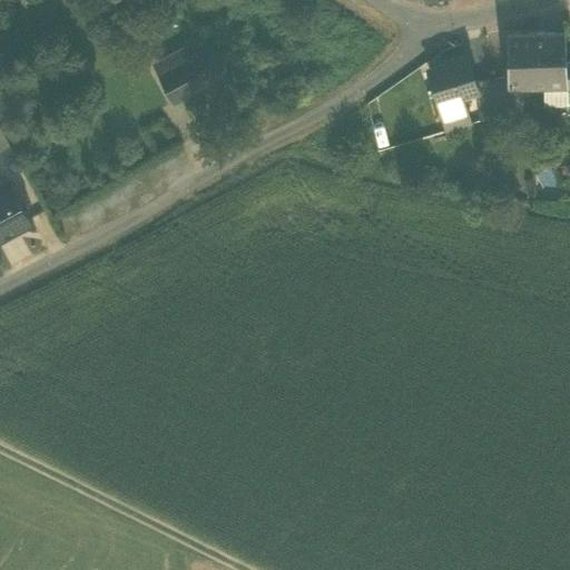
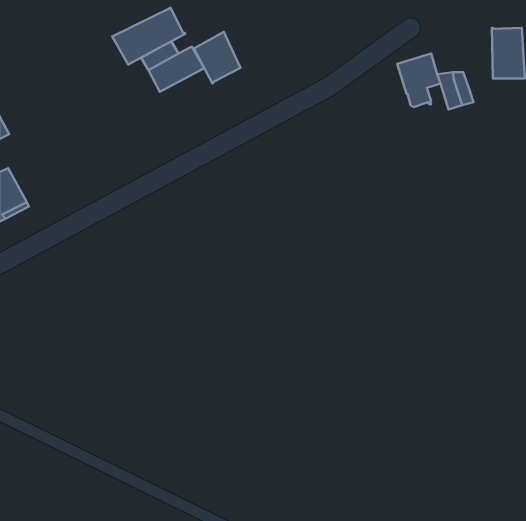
building: none -> [112,8,185,64]
building: [507,37,532,94] -> none
building: none -> [194,32,240,83]

